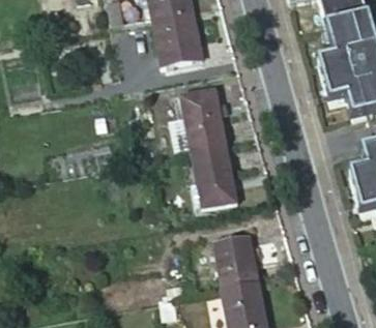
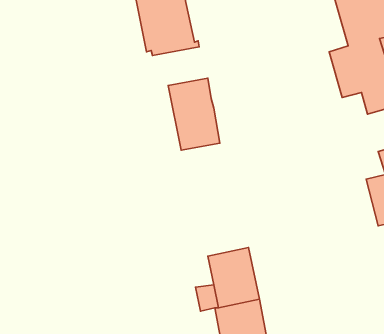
building: [192,142,236,209] -> none

